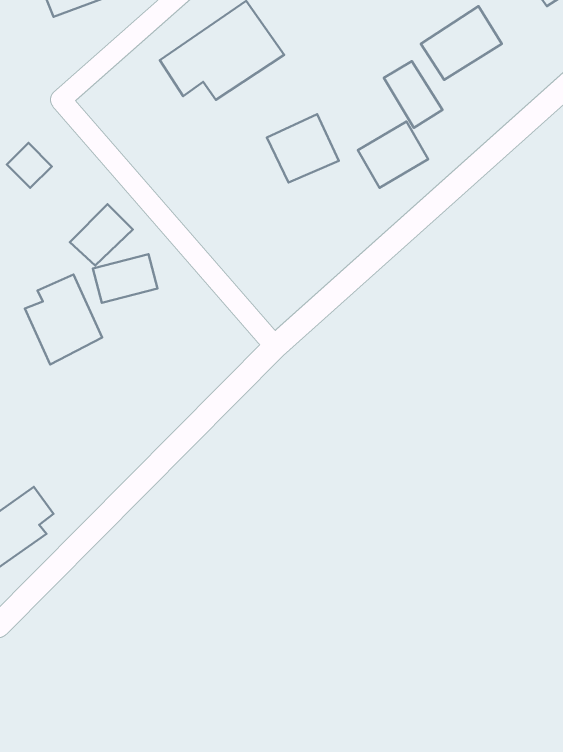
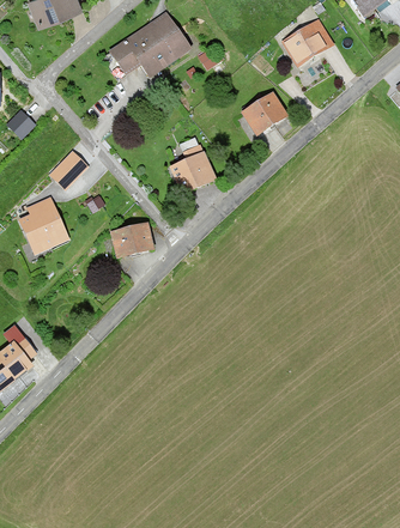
building: [384,61,442,128] -> none
building: [267,114,339,182] -> [169,151,217,196]
building: [93,254,158,303] -> [110,223,153,255]

